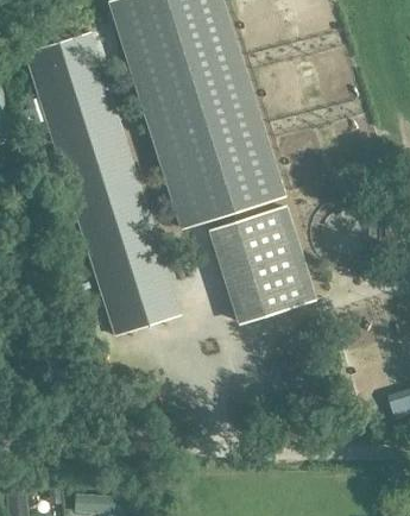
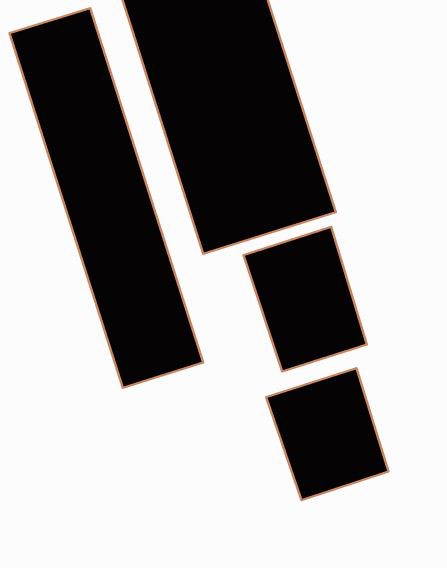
building: none -> [266,368,388,500]

